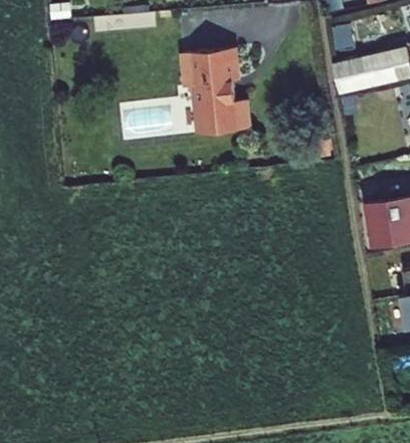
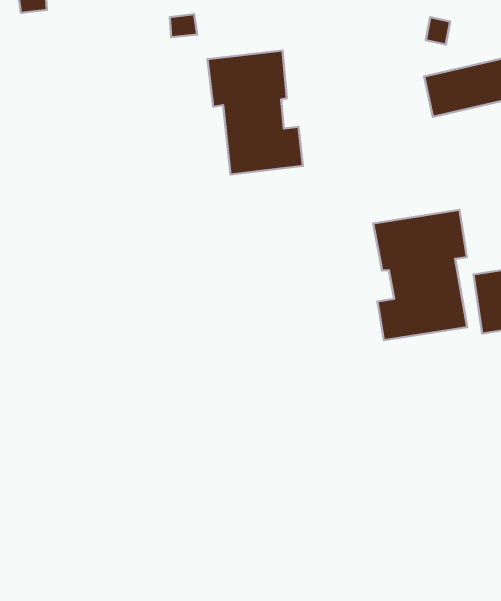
building: none -> [373,210,467,340]

